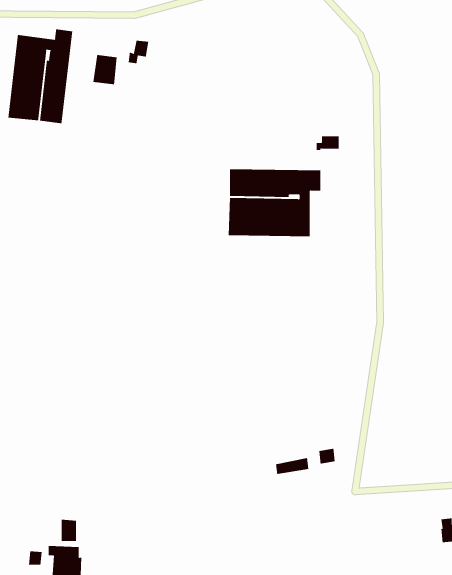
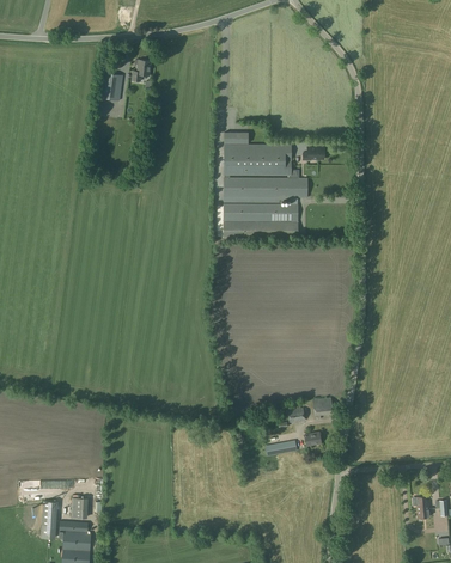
building: [8,29,73,124] -> none
building: none -> [224,131,291,175]

